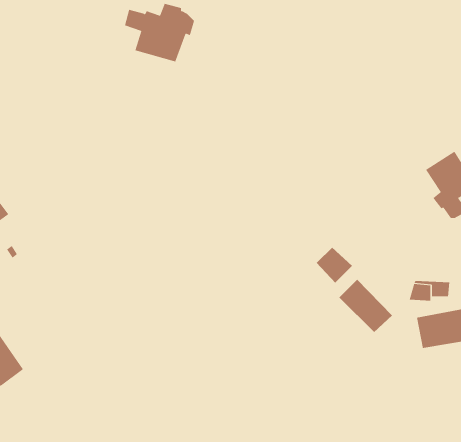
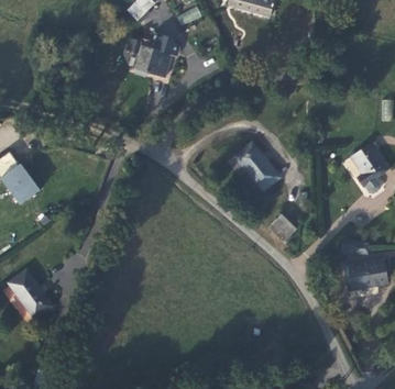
building: none -> [233,142,279,191]
building: [338,279,393,333] -> none

